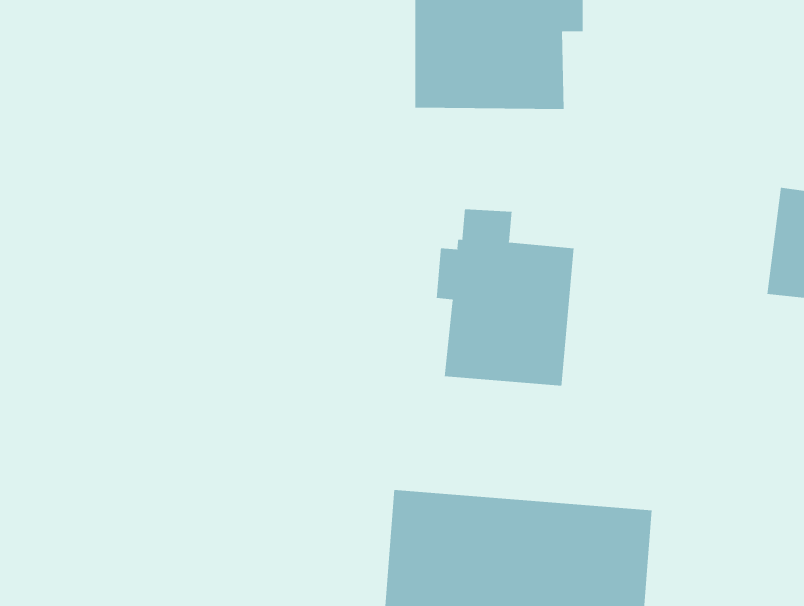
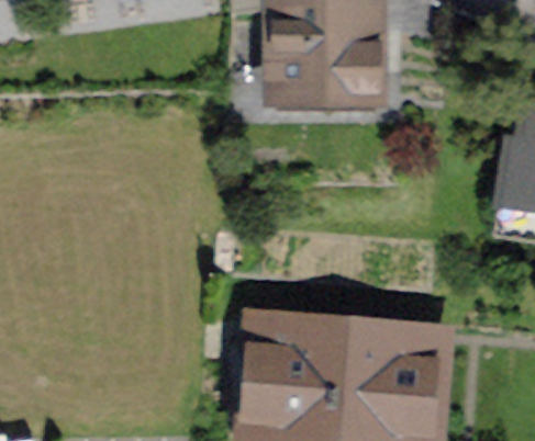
building: [436,208,574,386] -> none

